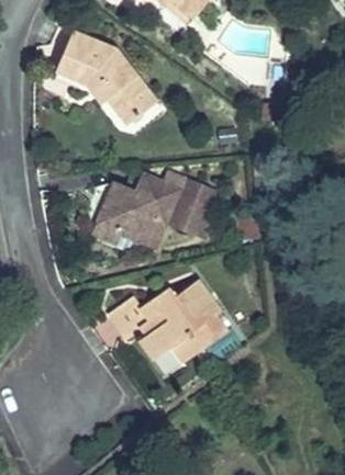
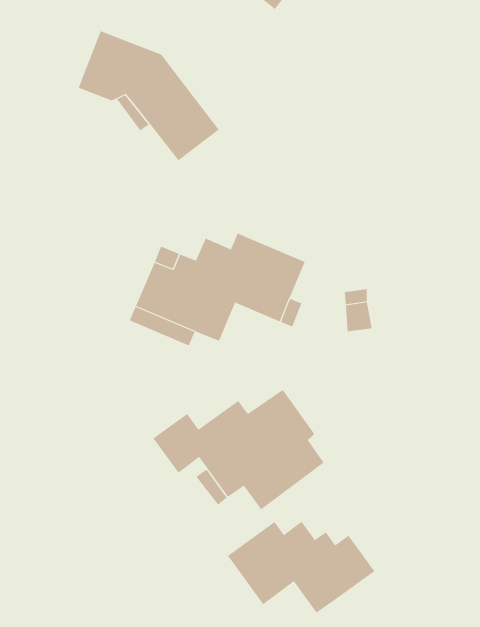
building: none -> [227,521,375,614]

